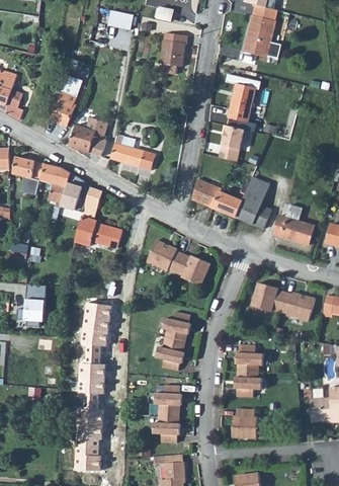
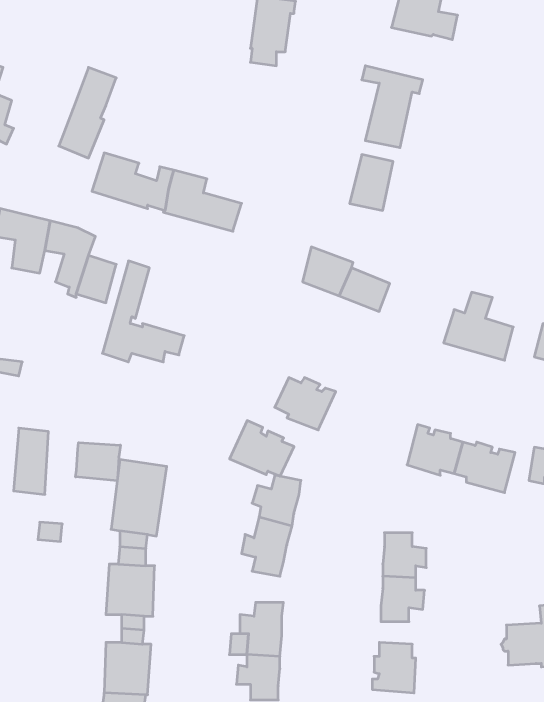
building: [236,177,271,229] -> none
building: [146,240,183,272] -> [230,421,294,476]
building: none -> [76,443,120,481]

